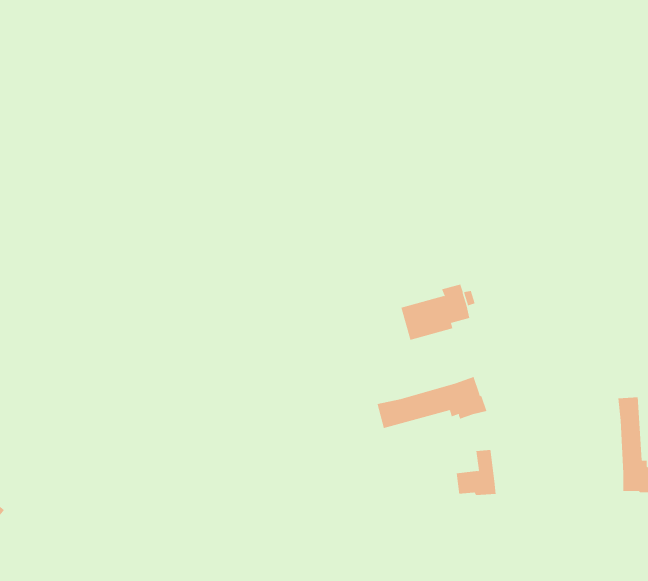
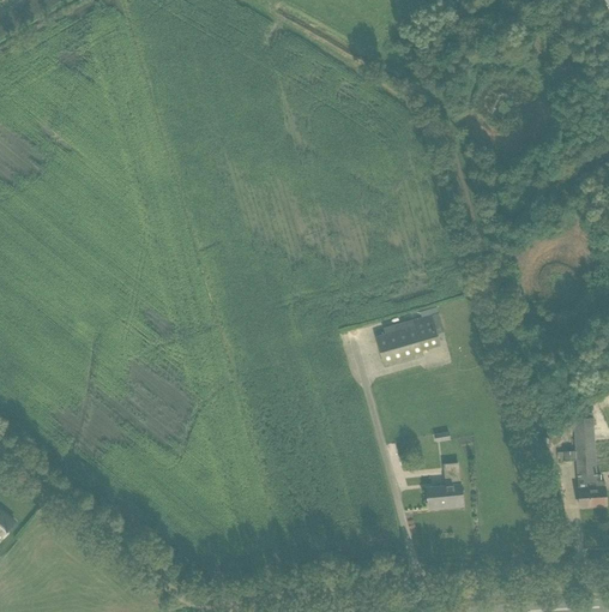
building: [377,376,487,429] -> none

